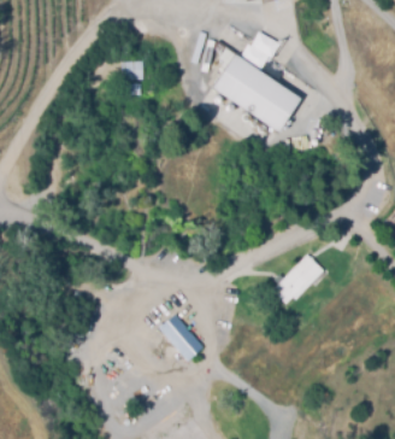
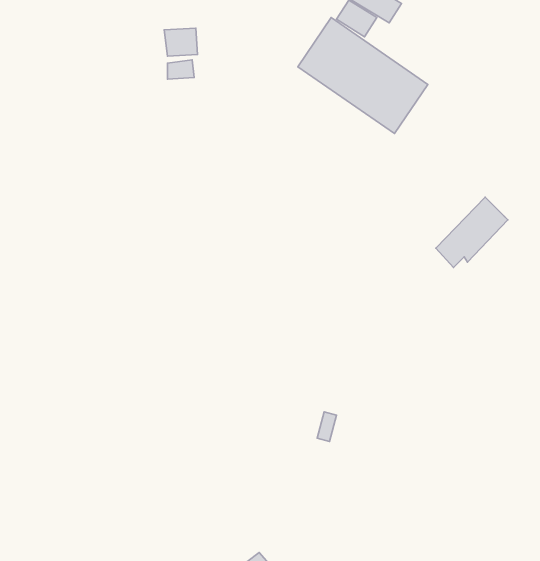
building: [275,253,324,302] -> [436,197,508,267]
building: [159,314,202,361] -> none

